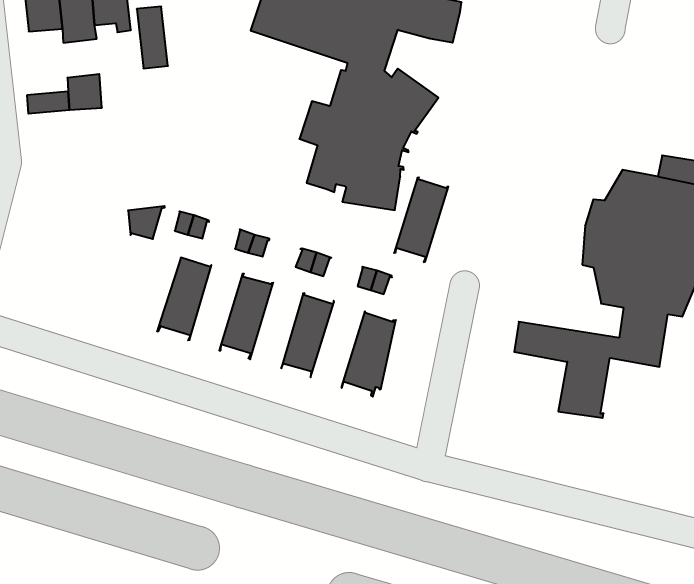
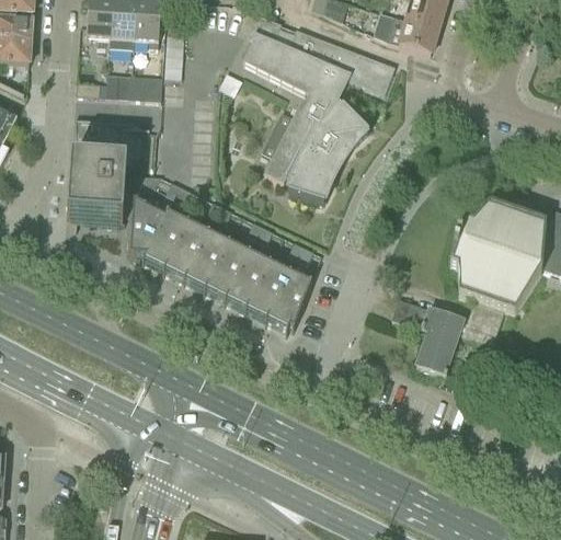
building: none -> [129,73,163,99]
building: none -> [68,117,151,222]
building: [394,177,448,262] -> [245,262,291,322]
building: none -> [128,199,165,255]
building: none -> [164,221,209,283]
building: none -> [205,241,250,302]

